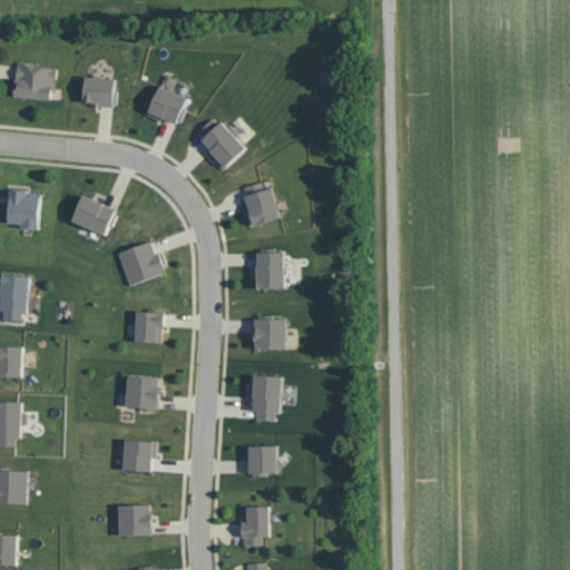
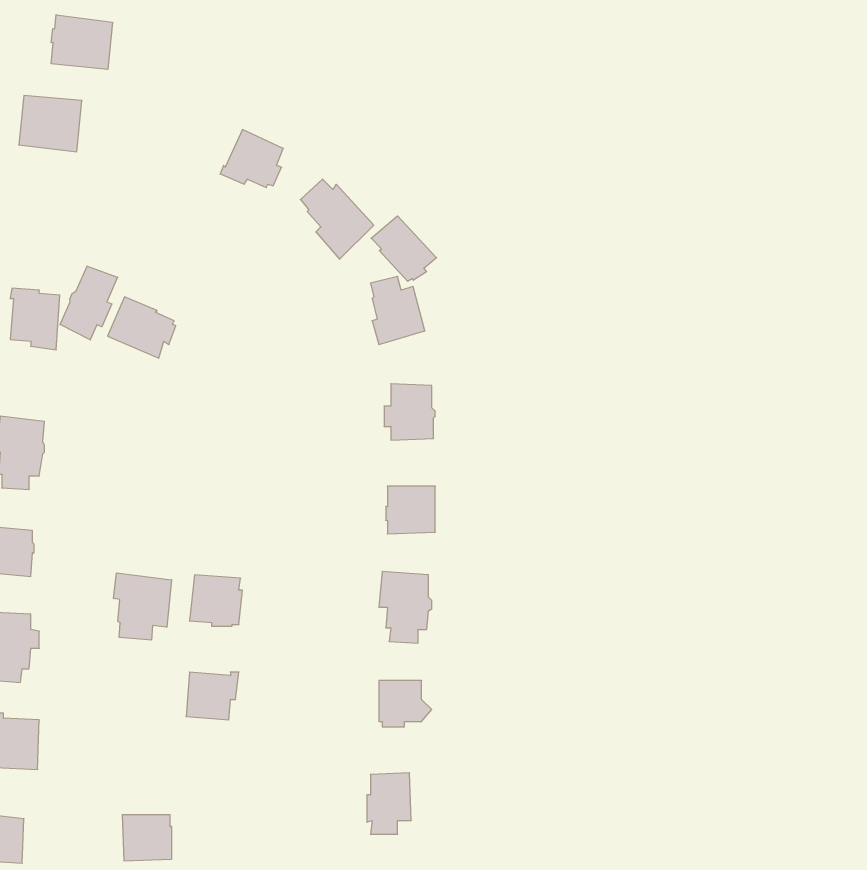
building: none -> [51,15,112,69]
building: [81,78,112,106] -> none
building: none -> [371,216,437,281]
building: none -> [60,266,118,340]
building: [115,240,163,285] -> none
building: [132,311,163,342] -> none
building: none -> [114,573,172,640]
building: [117,504,149,534] -> [122,815,172,861]

